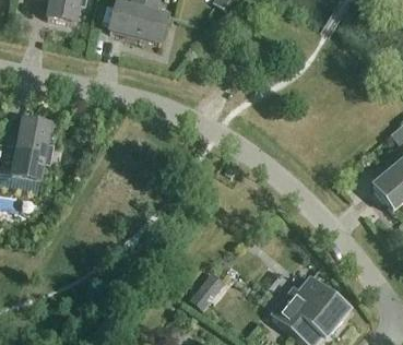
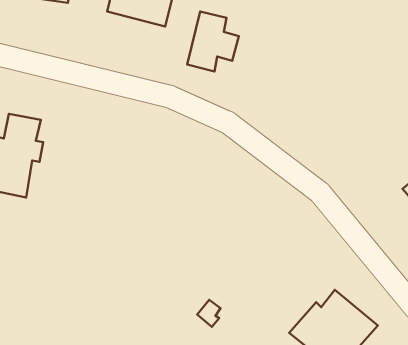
building: none -> [187,11,239,71]

